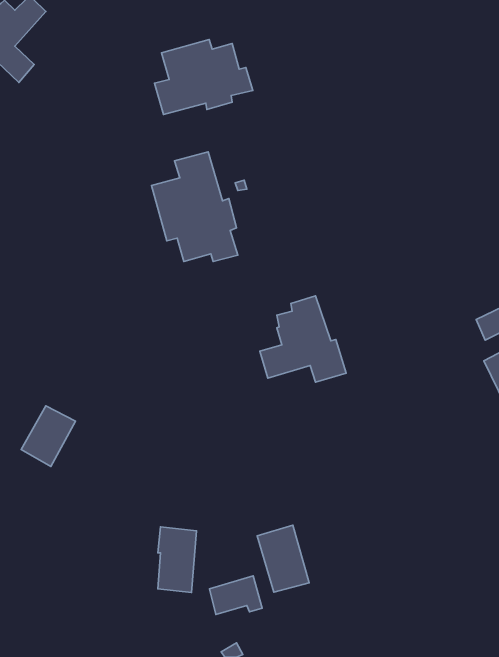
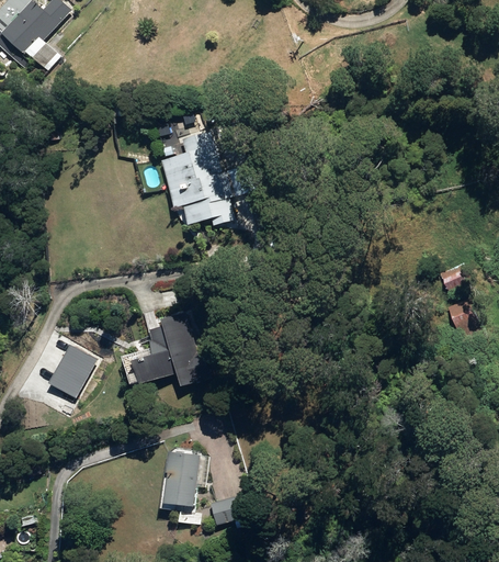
building: [154,40,253,115] -> none
building: [260,296,346,382] -> [135,312,208,385]
building: [257,525,309,592] -> none

